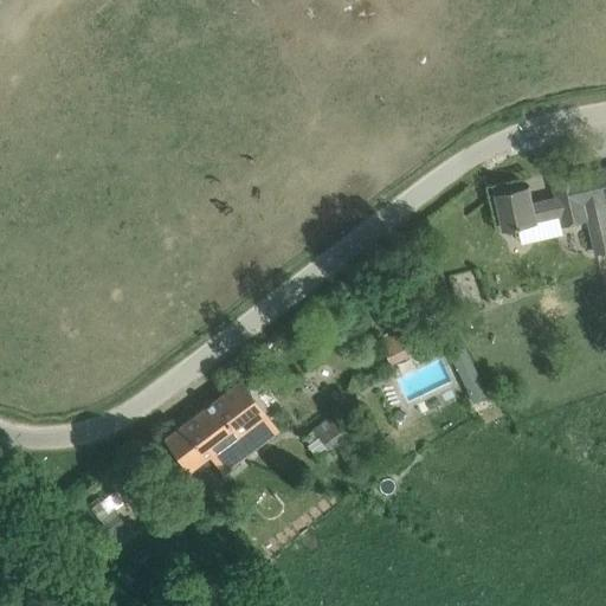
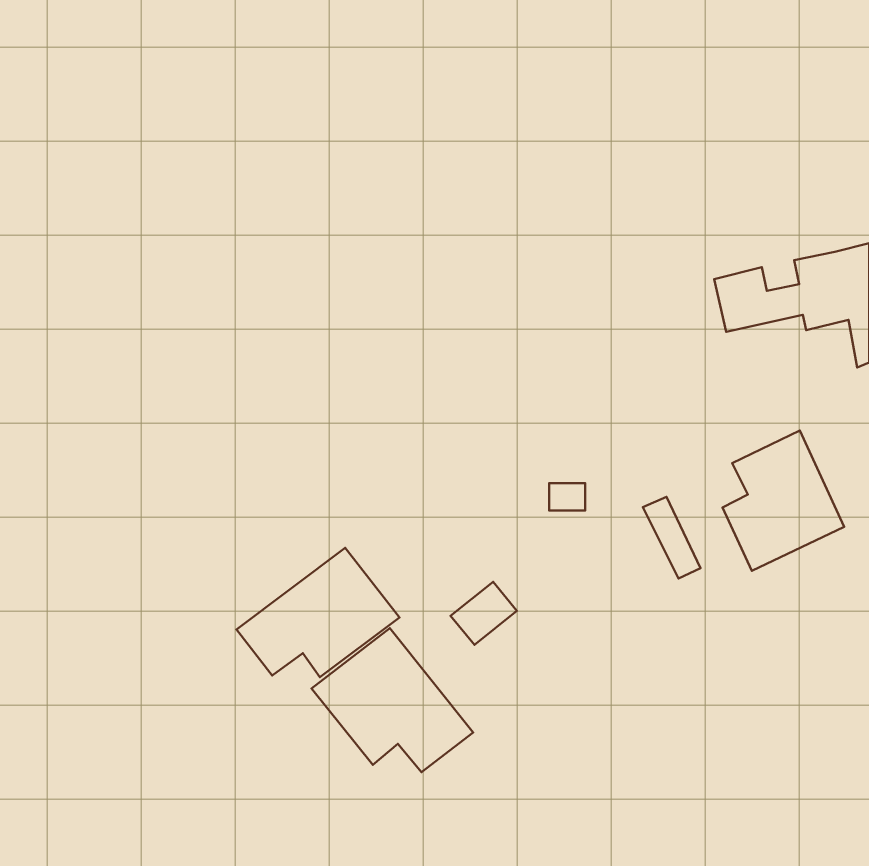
building: none -> [722,430,844,571]
building: none -> [311,628,473,772]

